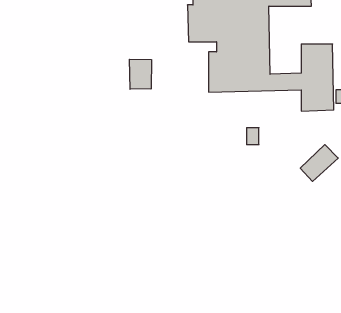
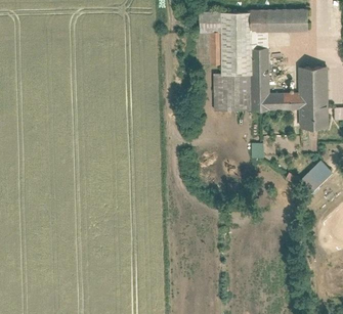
building: [129,59,151,89] -> none

